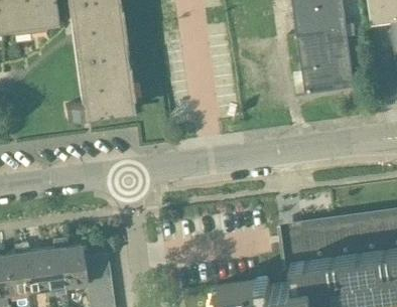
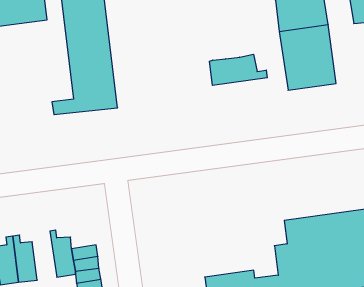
building: none -> [209,54,267,85]
building: [41,240,67,290] -> none

